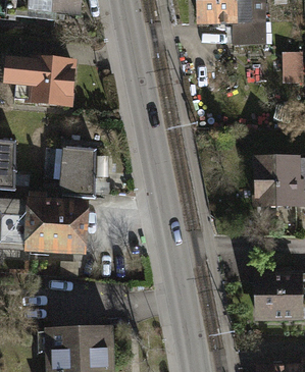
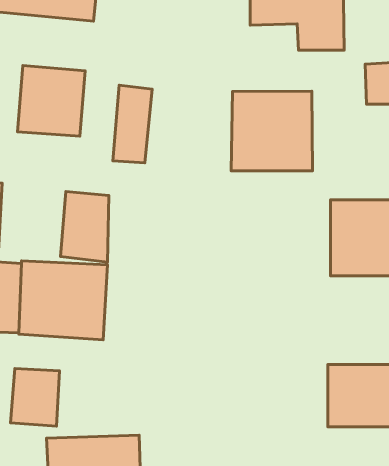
building: none -> [113,85,152,163]
building: none -> [231,91,312,171]
building: none -> [11,369,59,426]

